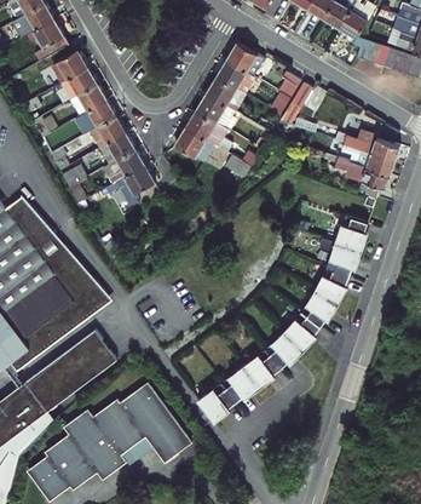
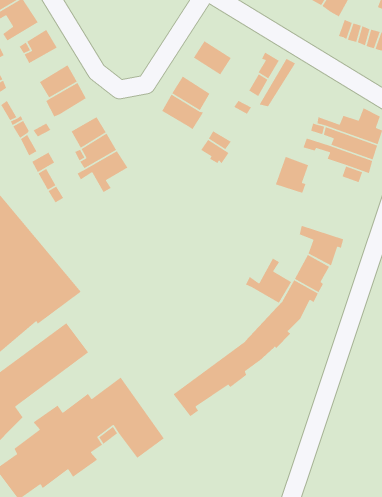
building: [227,44,265,78] -> none
building: [59,68,97,101] -> none
building: [207,78,244,111] -> none
building: [90,116,125,148] -> none
building: [175,128,213,162] -> none
building: [335,214,368,251] -> [275,156,309,194]
building: none -> [245,258,292,304]

